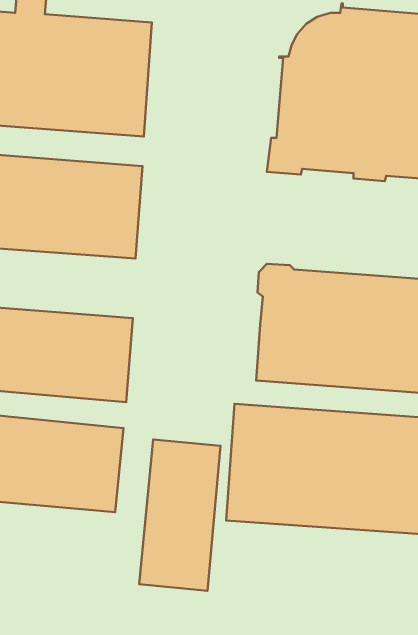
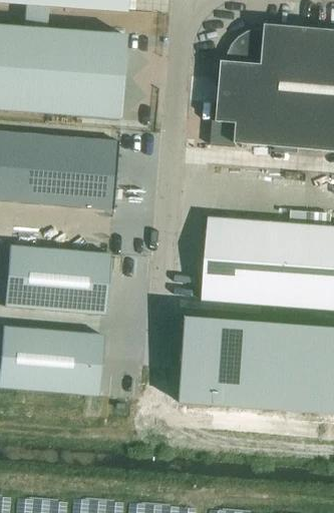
building: [139,440,220,591] -> none

